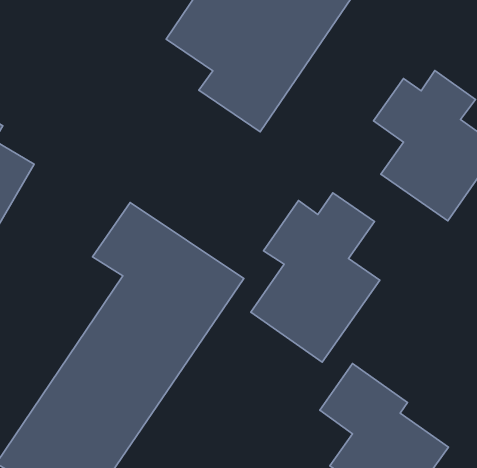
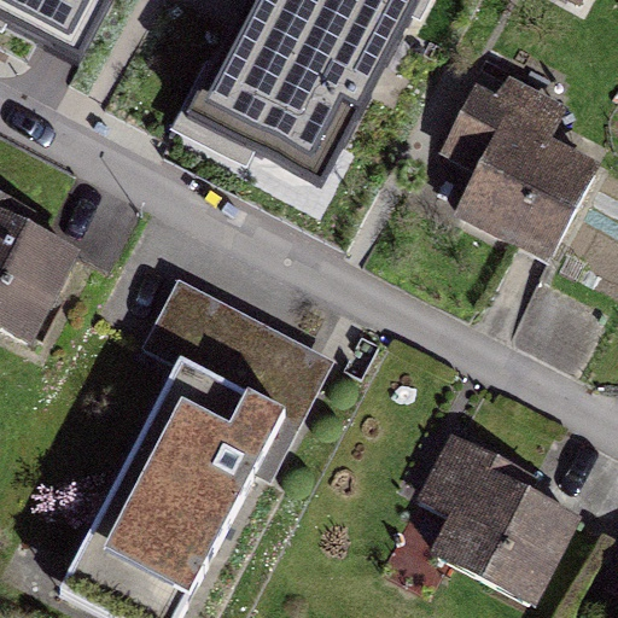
building: [251,193,380,362] -> none

